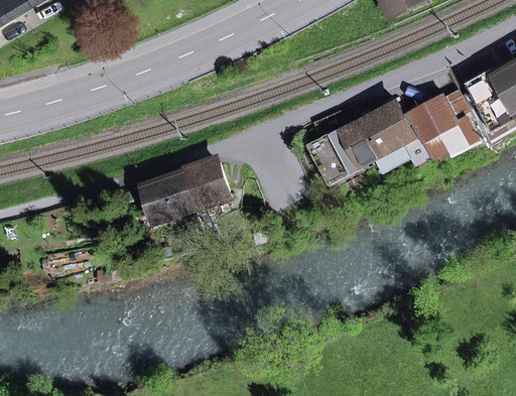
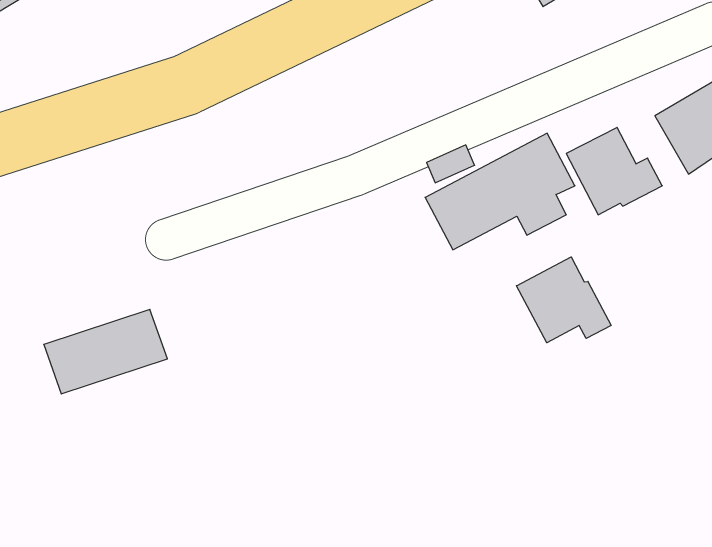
building: [144,159,230,218] -> [44,309,167,394]
building: none -> [516,257,611,343]

